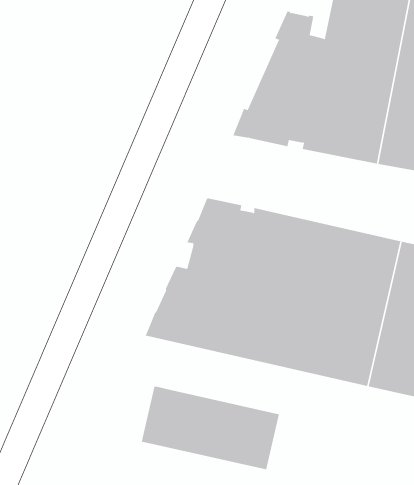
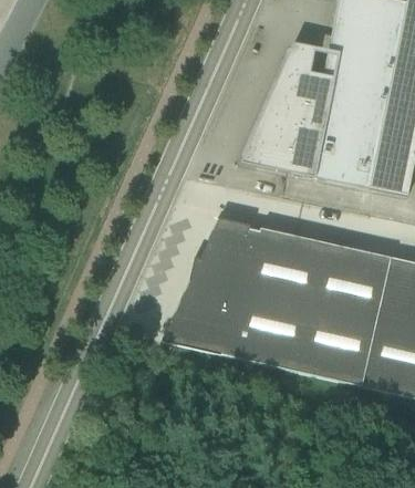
building: [141,386,280,470] -> none

